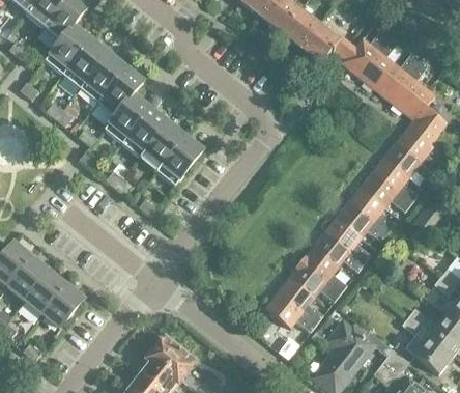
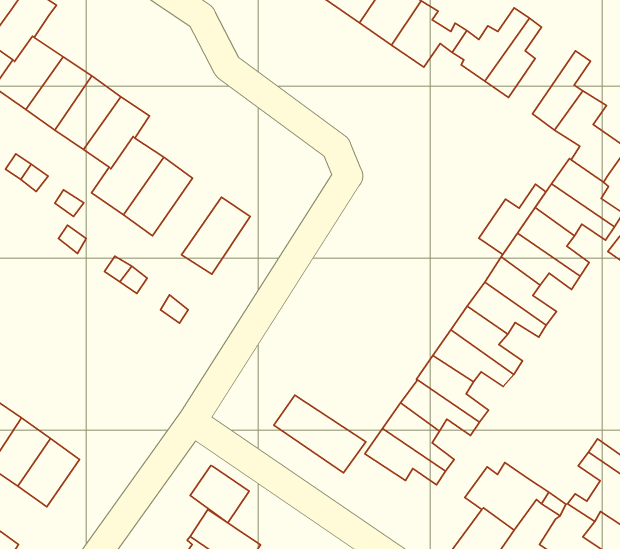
building: [373,53,418,96] -> [479,184,546,255]
building: [140,123,185,172] -> none
building: none -> [274,395,366,473]
building: none -> [190,465,249,523]

